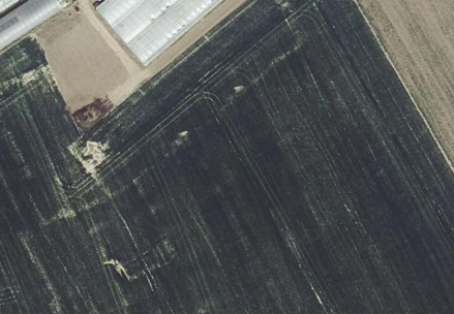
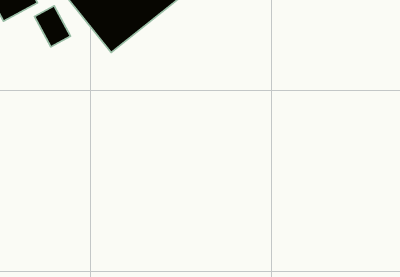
building: none -> [34,6,71,47]

